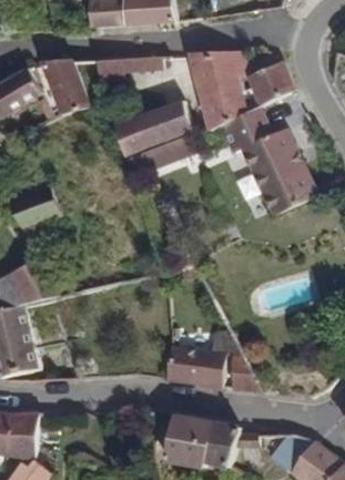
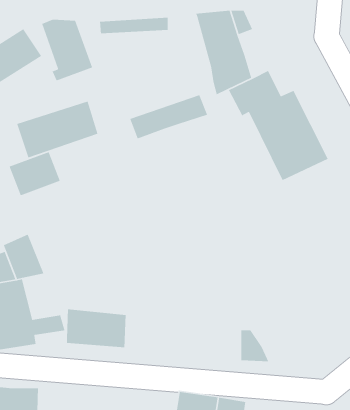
building: [236,60,296,115] -> none
building: [114,99,193,154] -> [16,100,99,158]
building: [169,348,226,386] -> [66,309,126,348]

